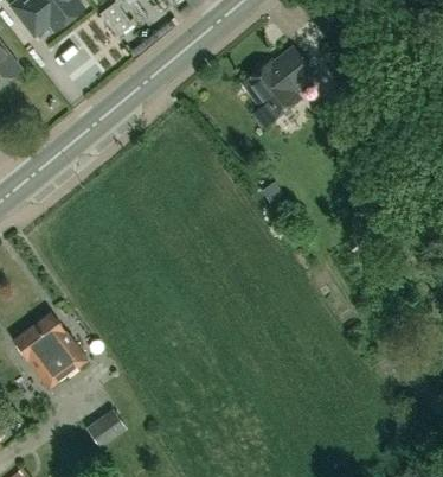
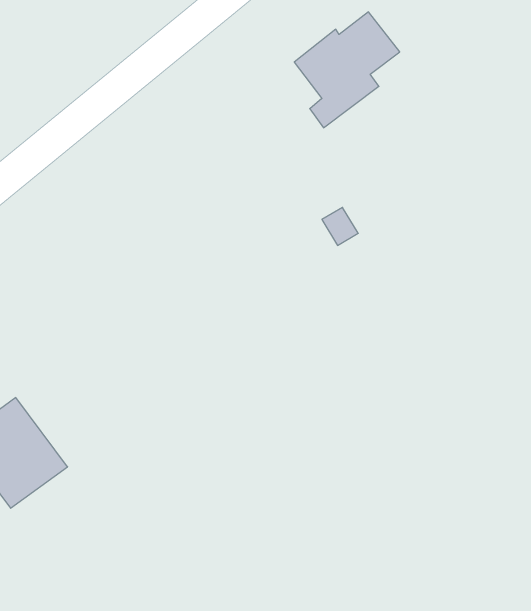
building: [86,409,128,449] -> none

